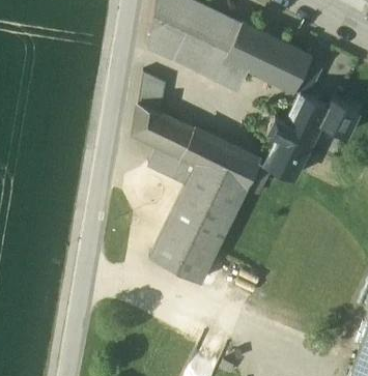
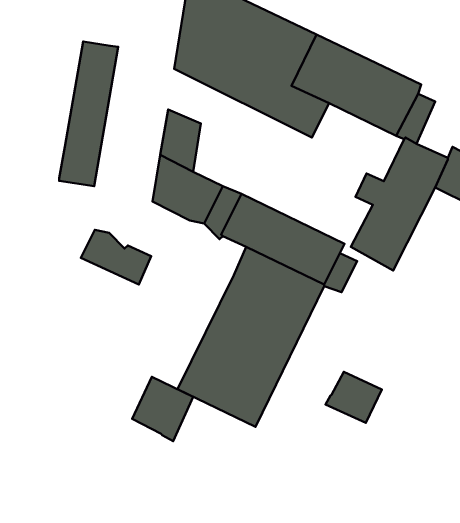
building: none -> [59,42,118,186]
building: [148,147,195,183] -> [81,230,151,284]
building: none -> [326,372,382,423]
building: none -> [132,377,193,441]

